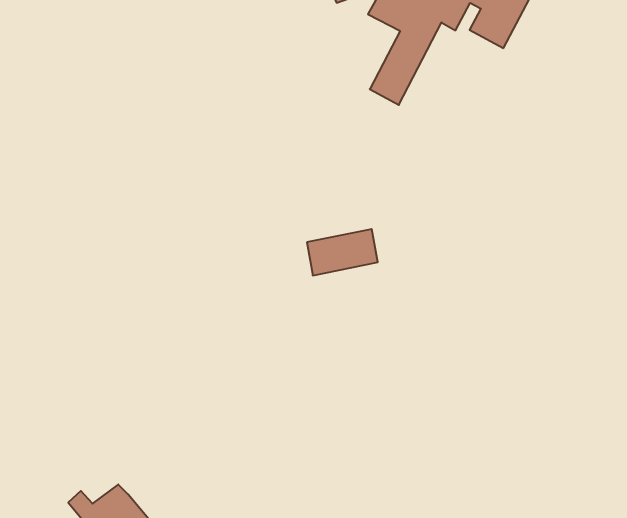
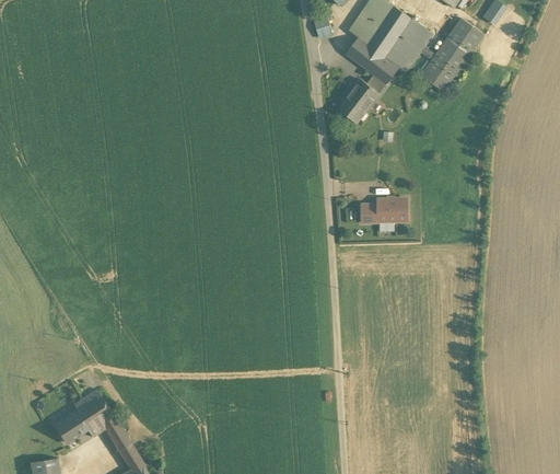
building: [307,229,378,275] -> [354,195,407,224]

